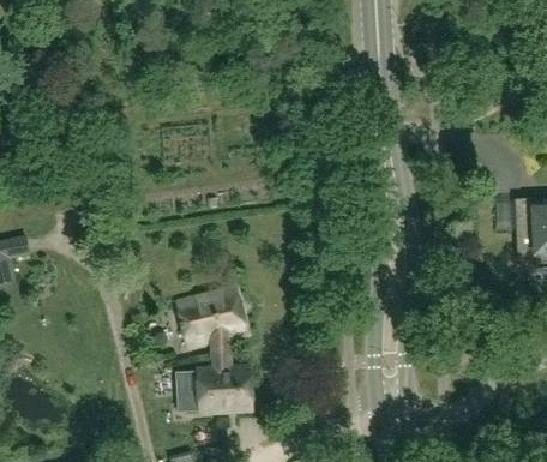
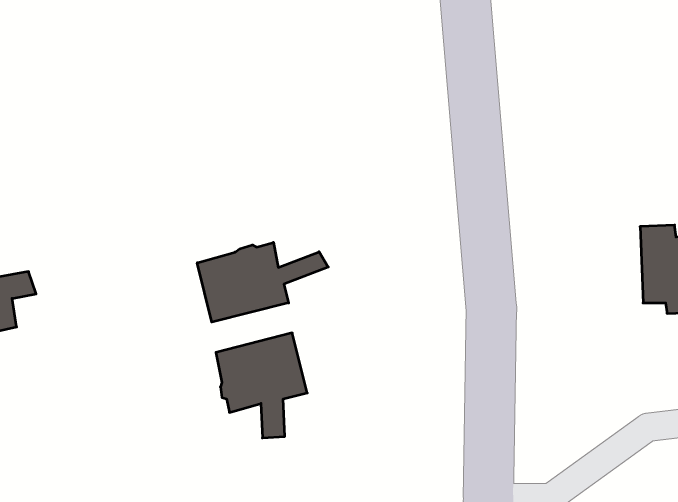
building: none -> [197,242,328,322]
building: [175,367,252,412] -> none

